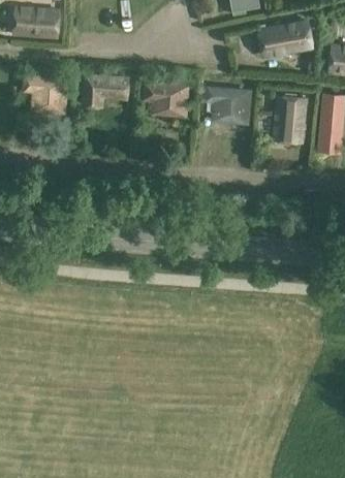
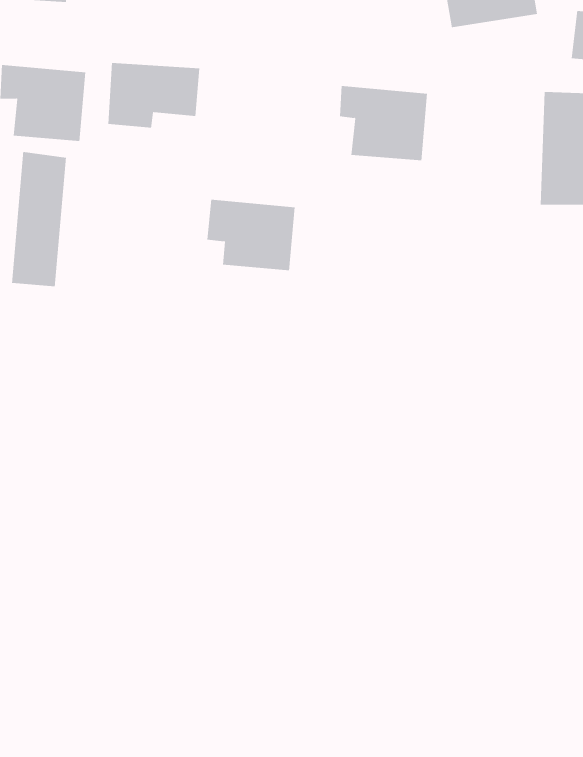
building: [142,81,189,119] -> [207,199,295,271]
building: [268,93,311,139] -> none
building: none -> [11,151,66,287]

